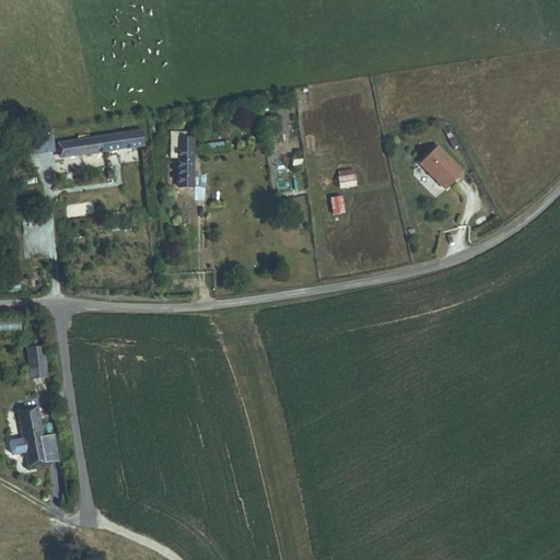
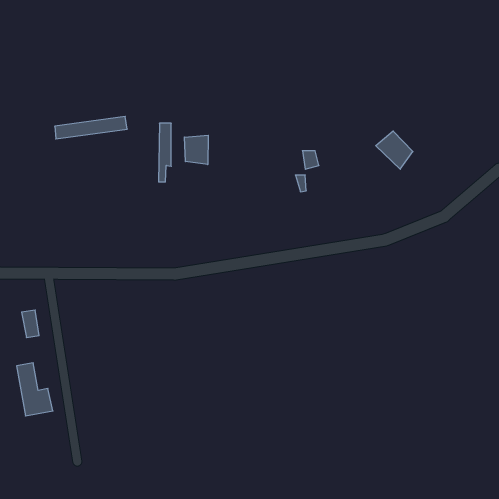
building: none -> [184,135,208,165]

